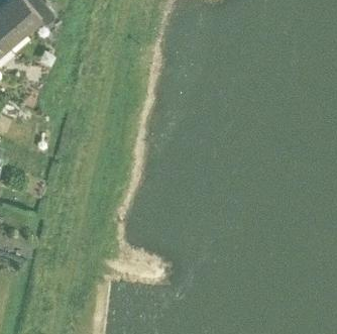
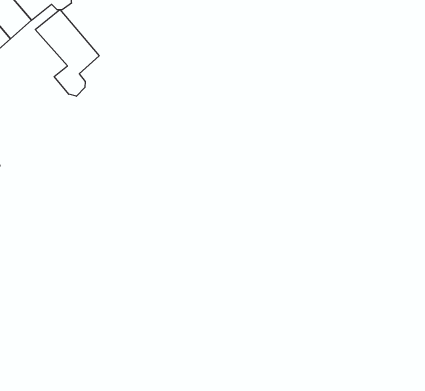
building: none -> [35,10,99,96]

